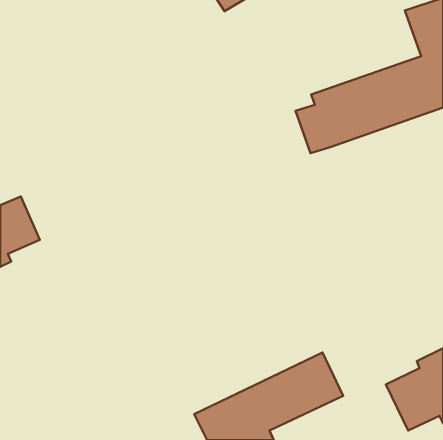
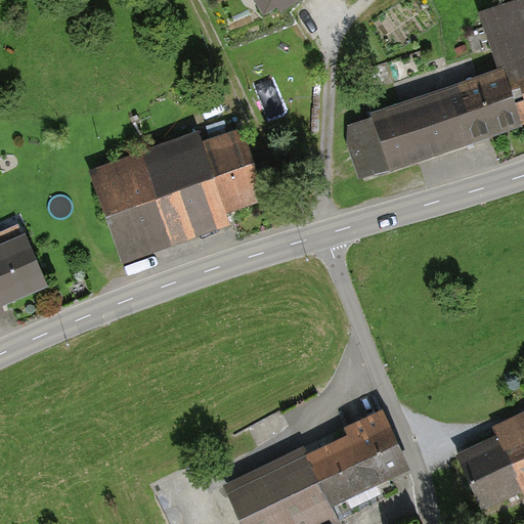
building: none -> [90,126,270,262]

